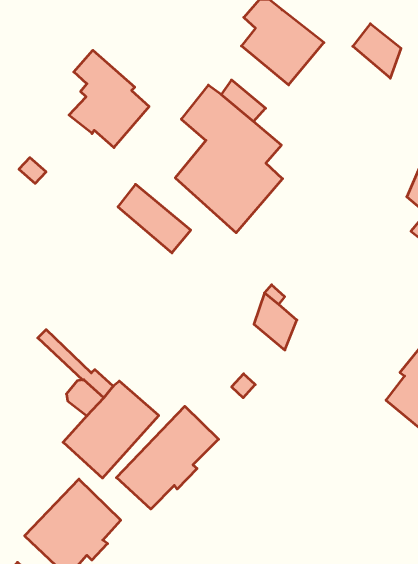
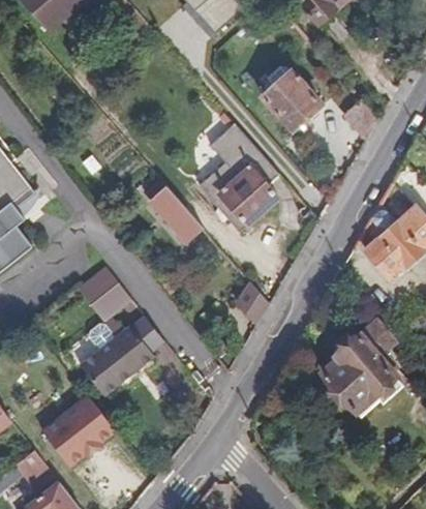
building: [69,50,149,148] -> none
building: none -> [82,265,131,319]
building: [116,406,219,509] -> none

